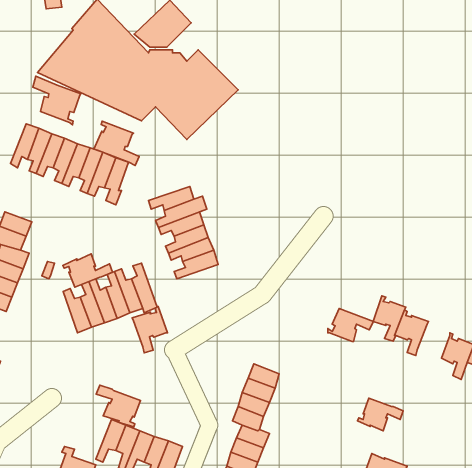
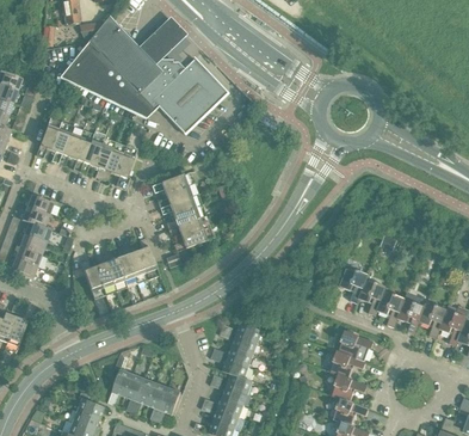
building: [33,76,81,125] -> none
building: [94,121,139,165] -> none
building: [63,254,113,287] -> none
building: [132,307,167,353] -> none
building: [328,309,373,341] -> [334,331,372,358]
building: none -> [376,289,403,327]
building: [96,385,140,427] -> none
building: none -> [327,374,365,403]

